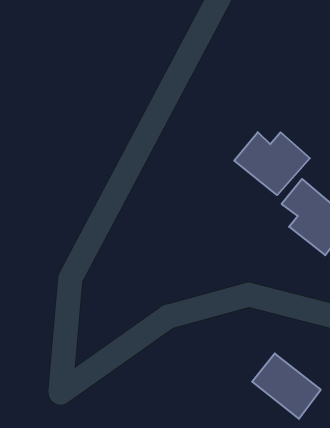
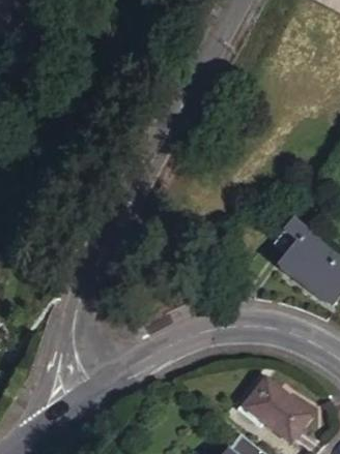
building: [234,132,310,195] -> none

